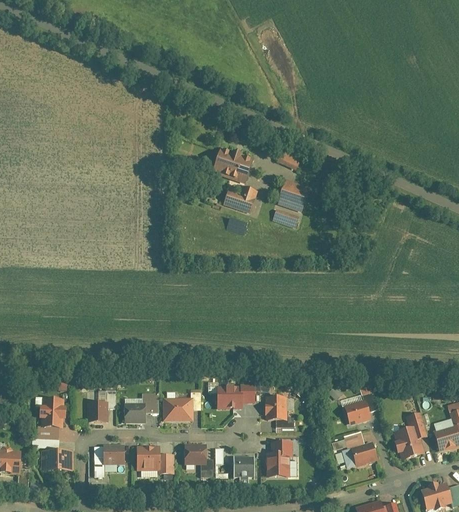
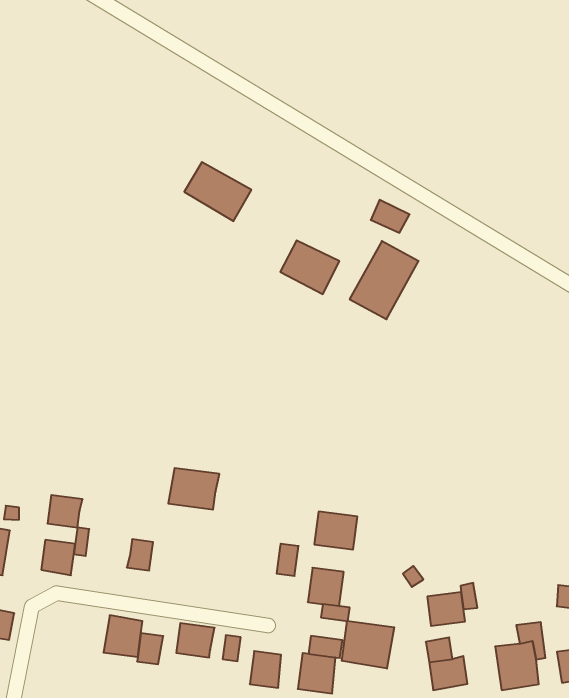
building: [207,148,251,184] -> [184,162,251,221]
building: [217,386,243,408] -> [314,512,357,550]
building: [163,397,194,421] -> [168,468,219,510]
building: [124,404,145,423] -> [47,495,83,527]
building: none -> [342,621,394,669]
building: [103,444,124,465] -> none

